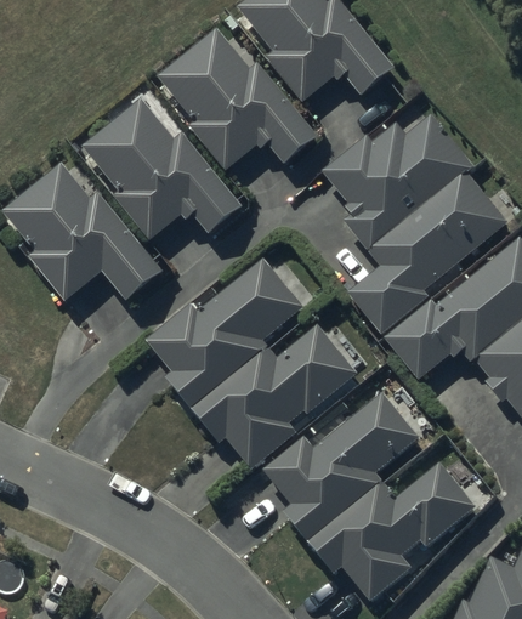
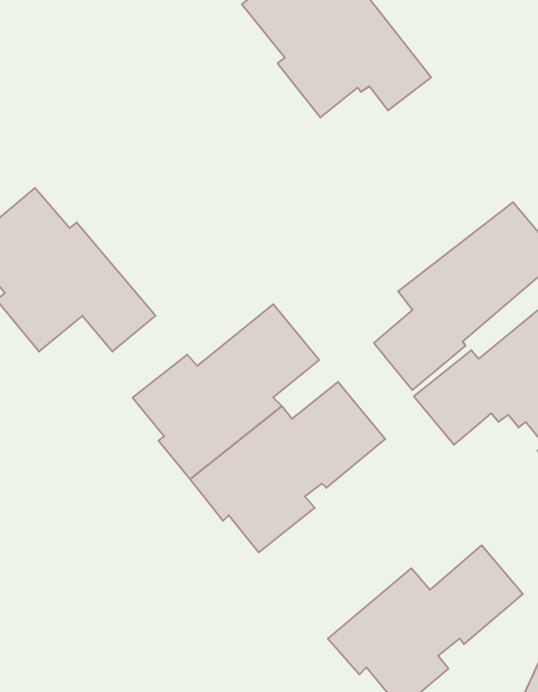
building: [158,29,319,169] -> none
building: [83,98,240,239] -> none
building: [323,115,475,249] -> none
building: [265,394,419,543] -> none

